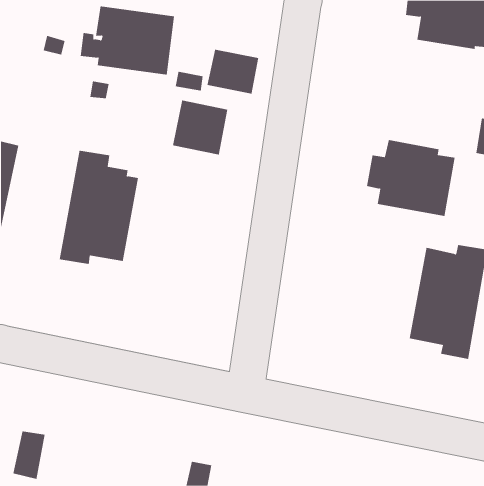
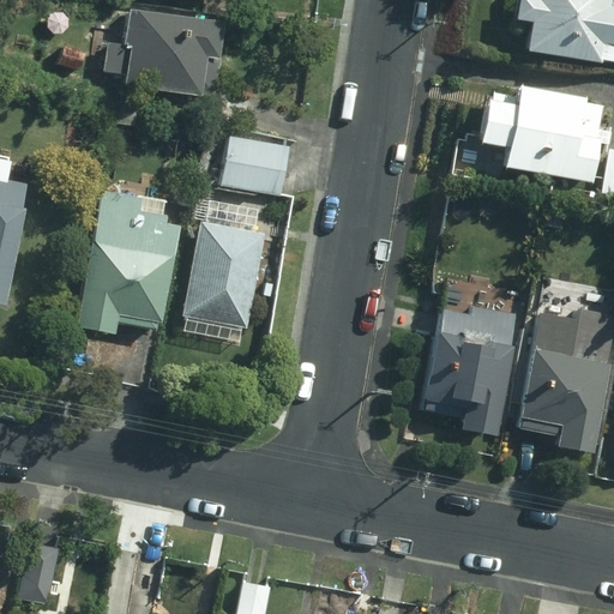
building: [207,49,259,95] -> none
building: [366,140,456,217] -> [493,84,606,181]
building: none -> [183,222,265,326]
building: none -> [422,305,517,437]

